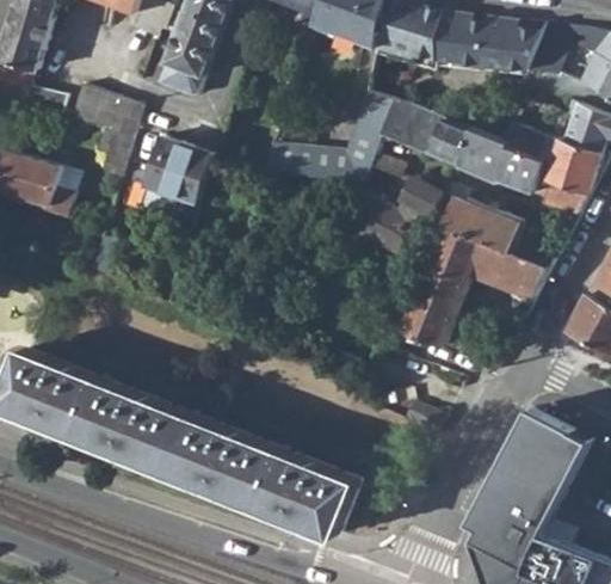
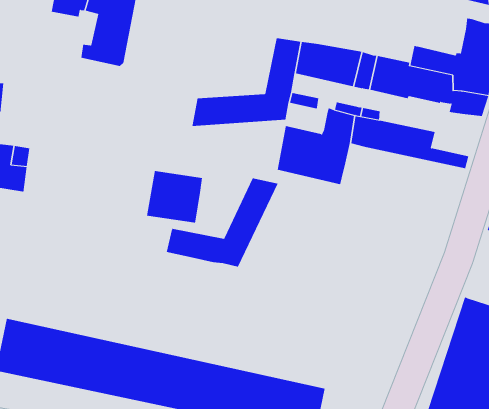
building: [69,86,138,177] -> none
building: [143,137,211,202] -> [146,170,203,223]
building: [401,227,548,348] -> none
building: none -> [166,178,278,268]

